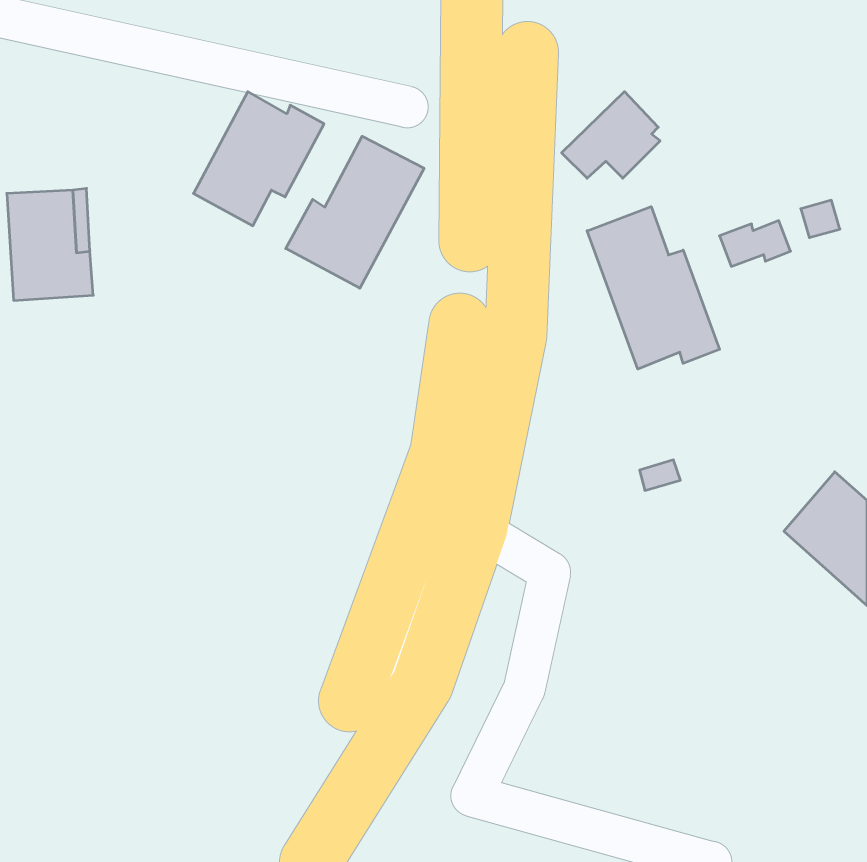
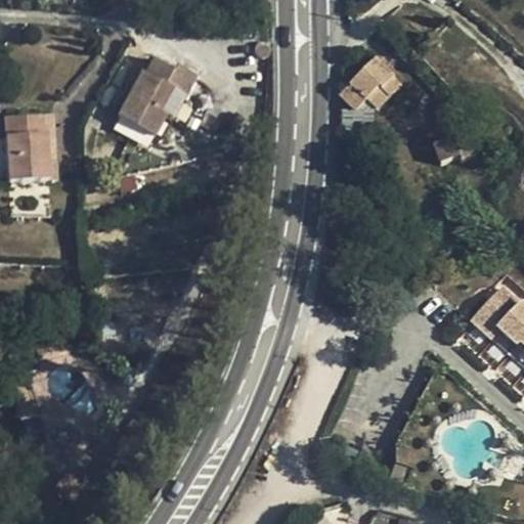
building: [286,136,424,288] -> none
building: [587,207,720,369] -> none

